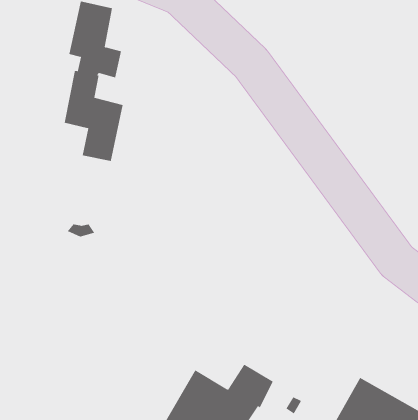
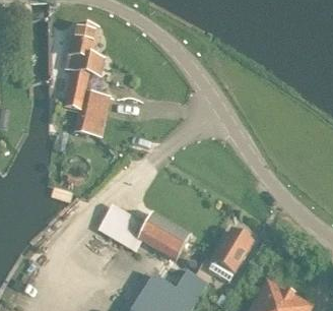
building: none -> [98,208,190,260]
building: none -> [195,233,253,284]

